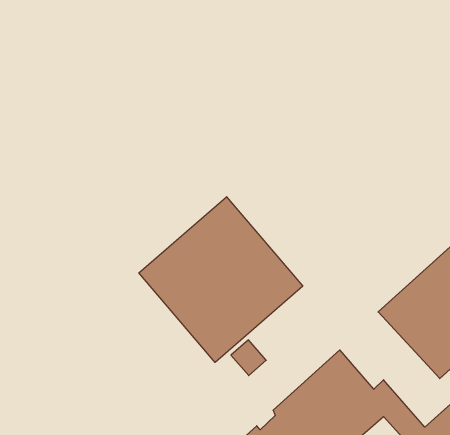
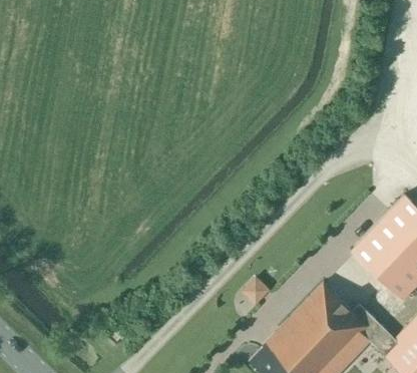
building: [139,197,303,362] -> none

